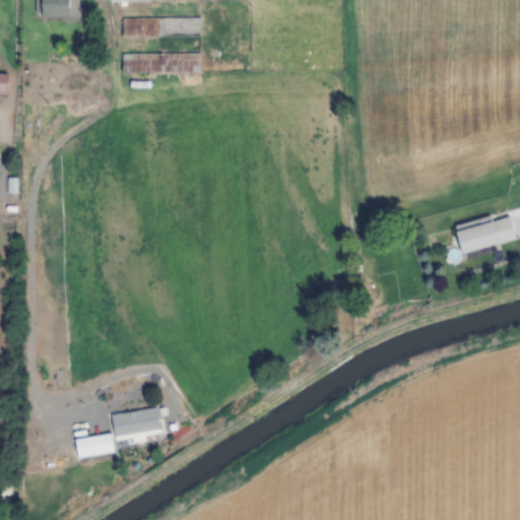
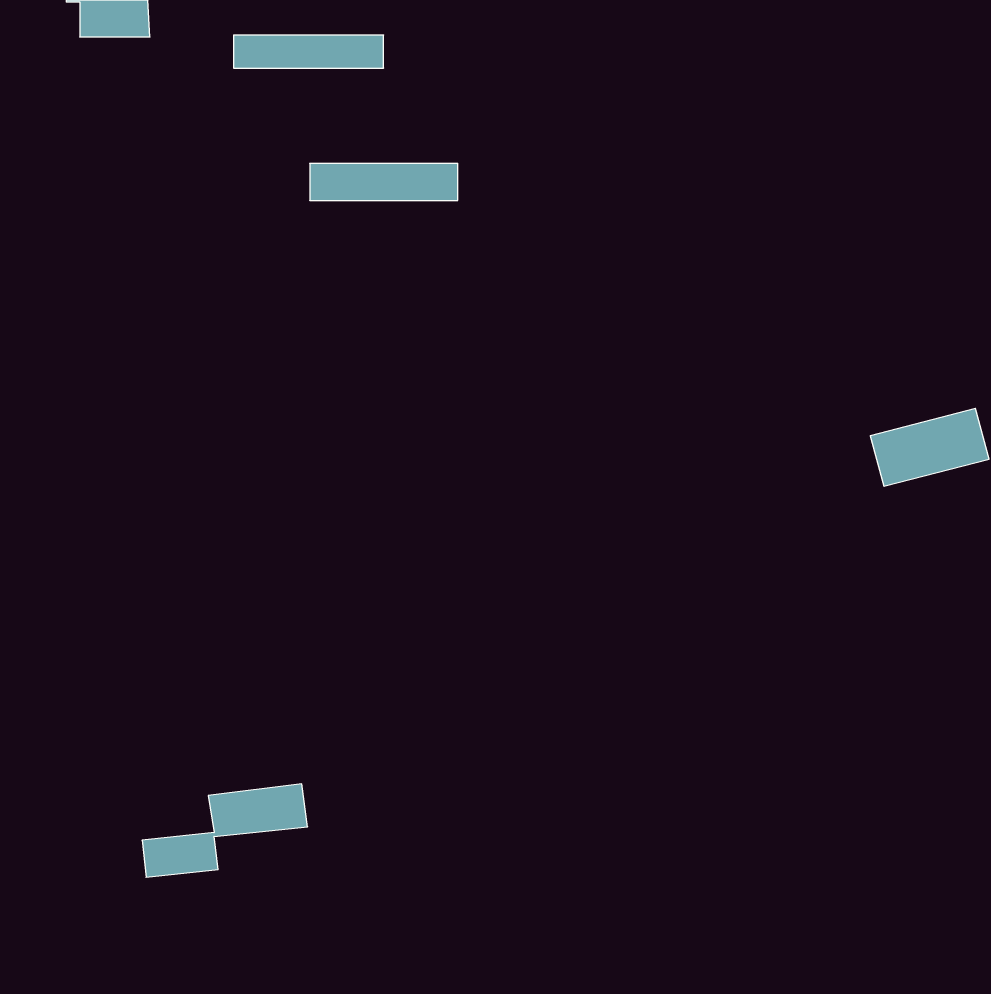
building: [124,54,201,73] -> [310,163,458,200]

